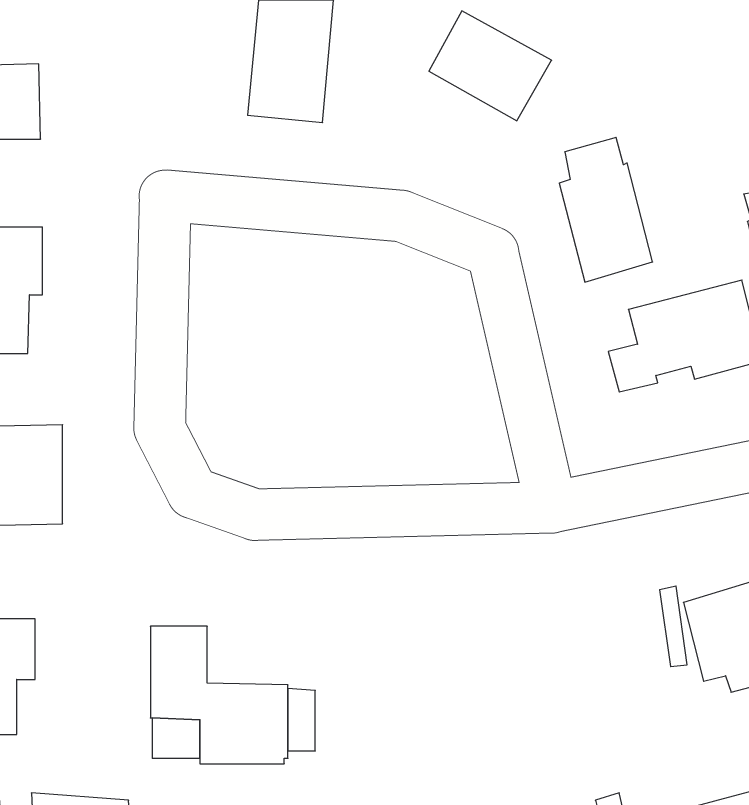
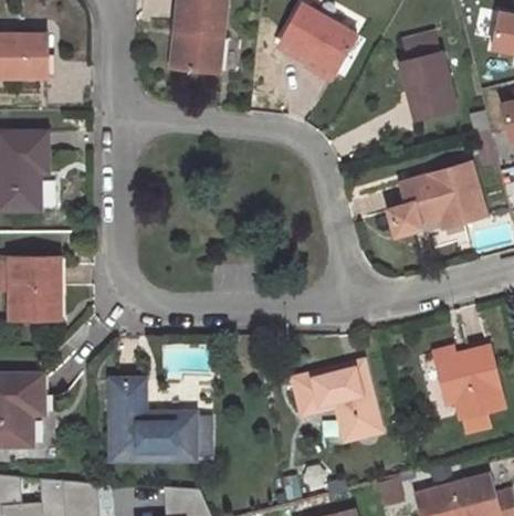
building: [559,137,653,282] -> [400,43,457,130]
building: none -> [293,362,380,445]

